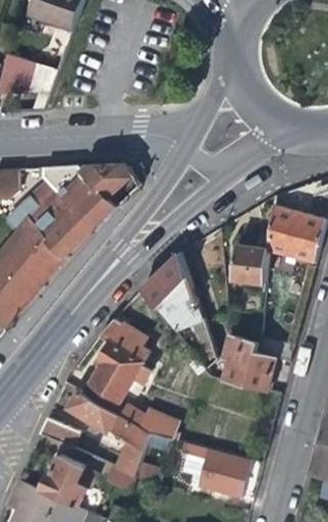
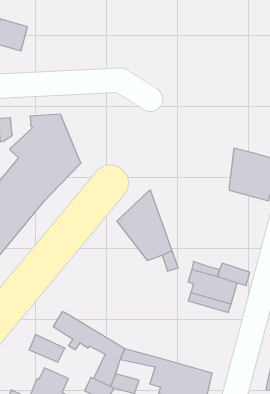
building: [75,163,132,221] -> none
building: [231,244,268,284] -> none
building: [81,318,190,443] -> none

